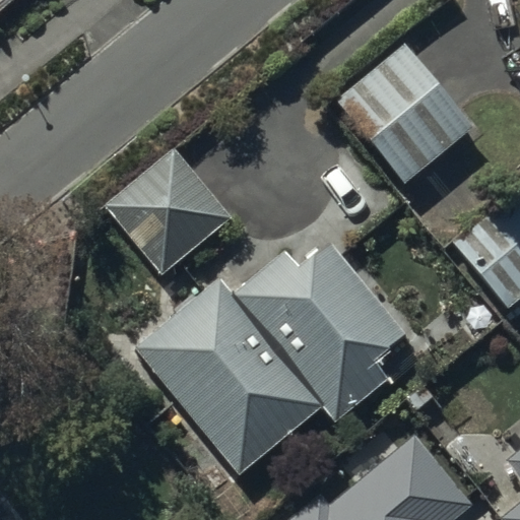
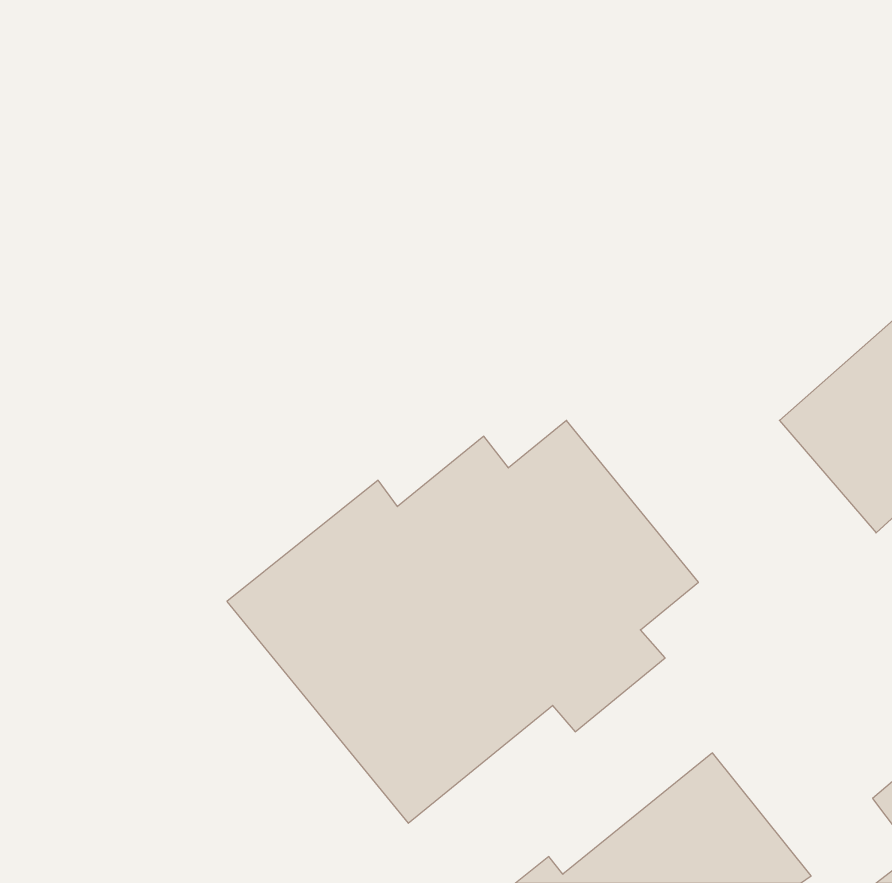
building: [337,45,473,184] -> none
building: [103,144,236,276] -> none

